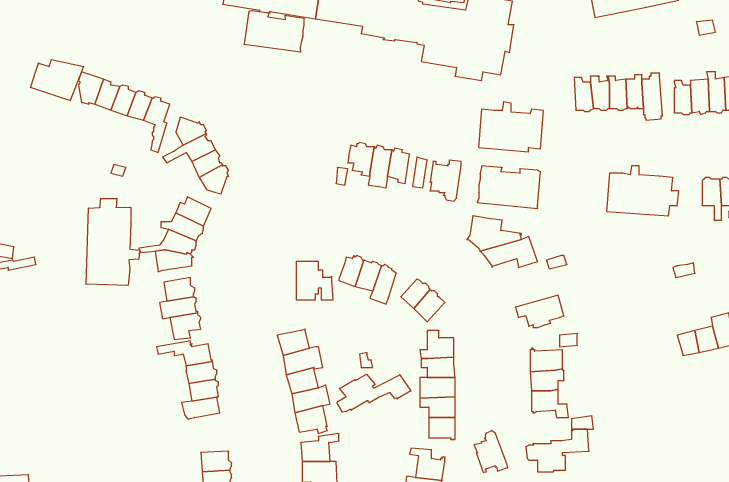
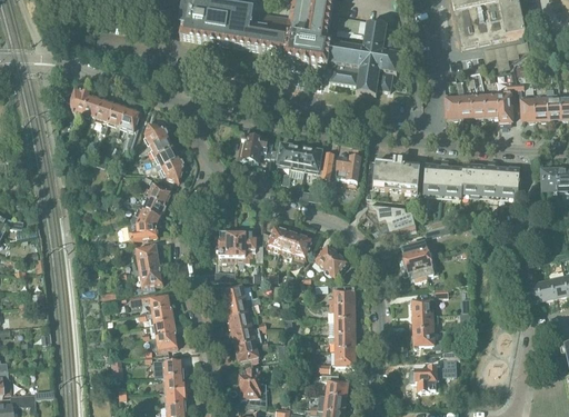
building: [244,10,304,52] -> none
building: [31,60,84,101] -> none
building: [479,102,543,152] -> [423,158,472,196]
building: none -> [238,135,276,162]
building: [86,198,140,285] -> none
building: none -> [216,231,236,260]
building: none -> [399,240,433,266]
building: [337,374,411,412] -> none
building: none -> [153,357,187,377]
building: [474,430,507,473] -> none

